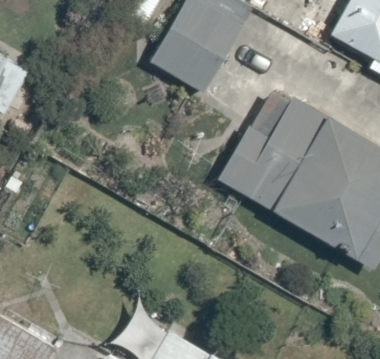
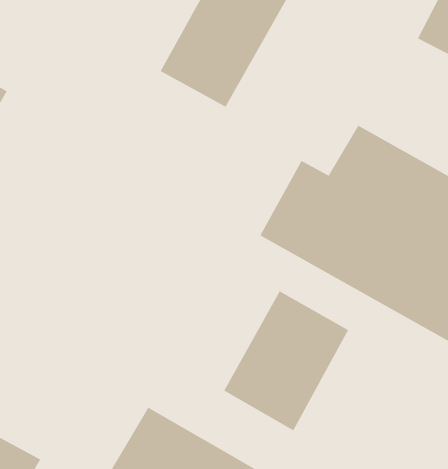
building: none -> [223,291,349,431]

